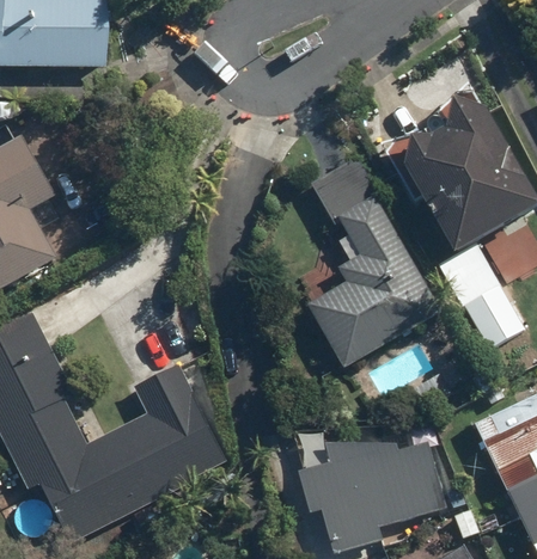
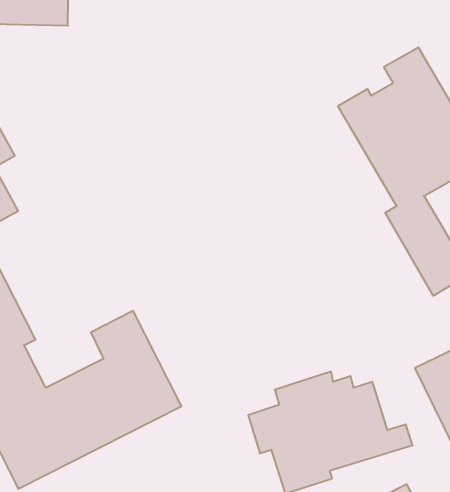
building: [304,156,447,371] -> none

